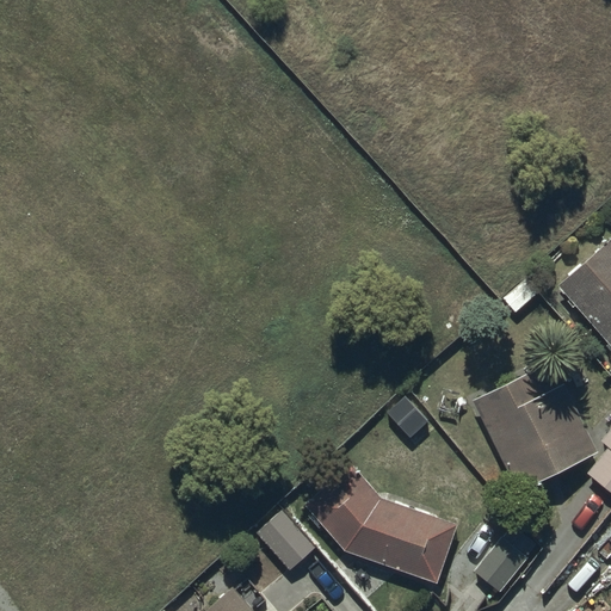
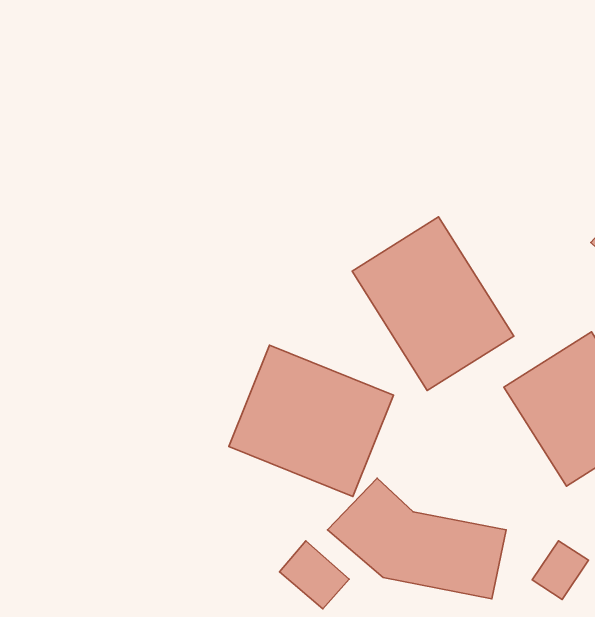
building: none -> [352,217,514,390]
building: none -> [229,345,394,496]

